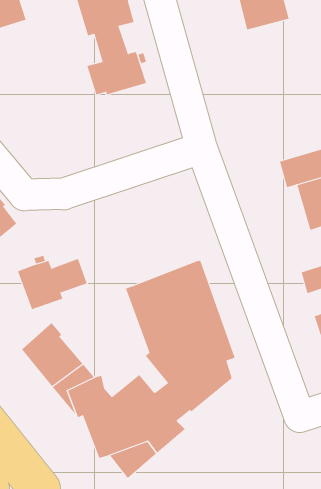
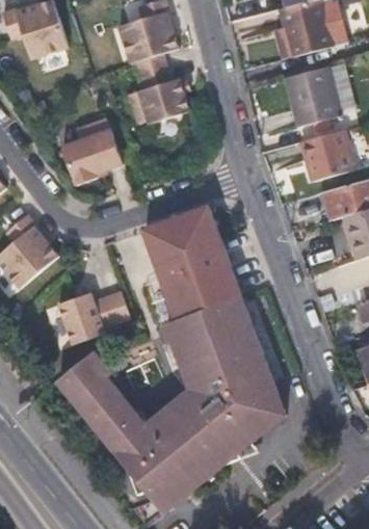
building: none -> [283,65,340,127]
building: none -> [60,117,122,184]
building: none -> [290,132,343,183]
building: none -> [143,206,239,318]
building: none -> [147,390,210,431]
building: none -> [220,392,288,465]

